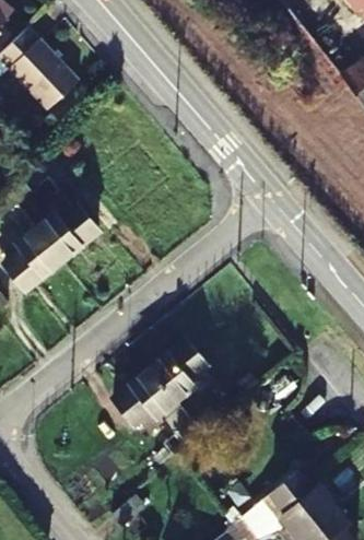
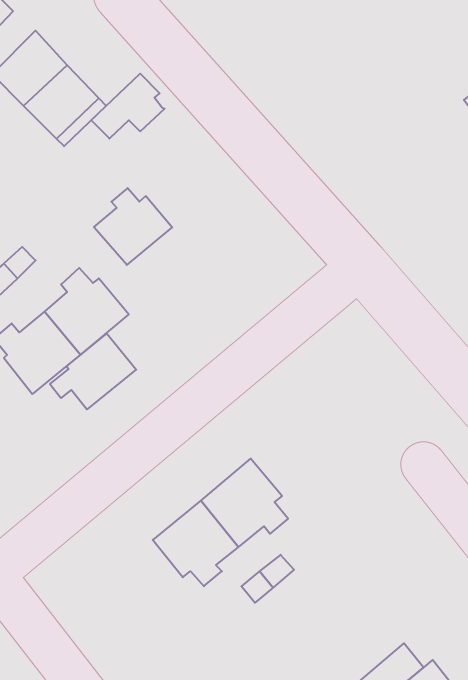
building: none -> [91,74,165,139]
building: none -> [94,188,172,265]
building: none -> [50,333,136,409]

